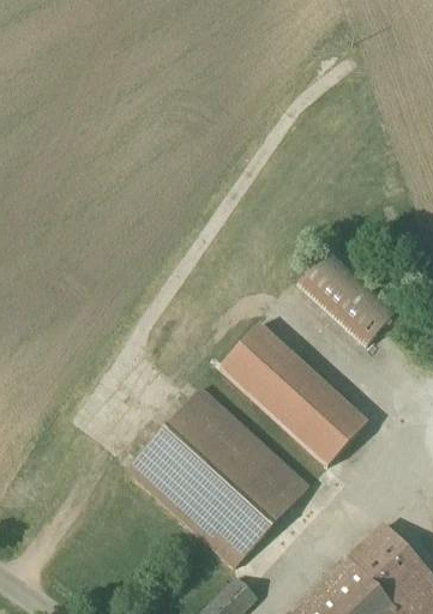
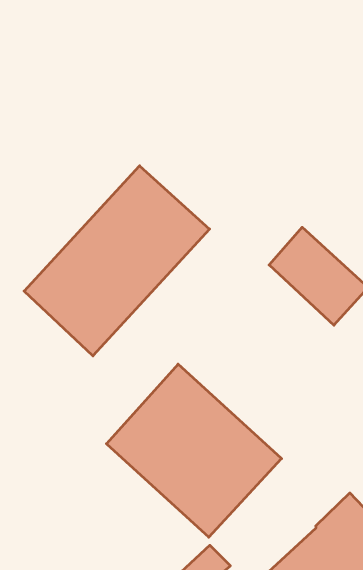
building: none -> [24,166,210,356]
building: [219,324,369,468] -> none

